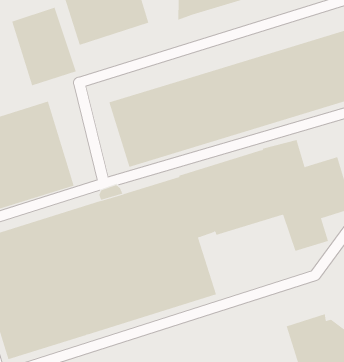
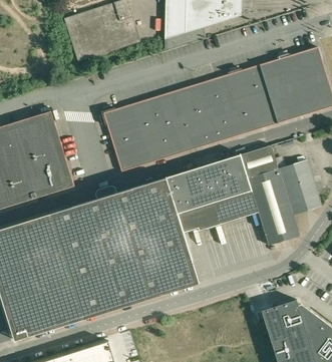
building: [11,7,77,86] -> none

